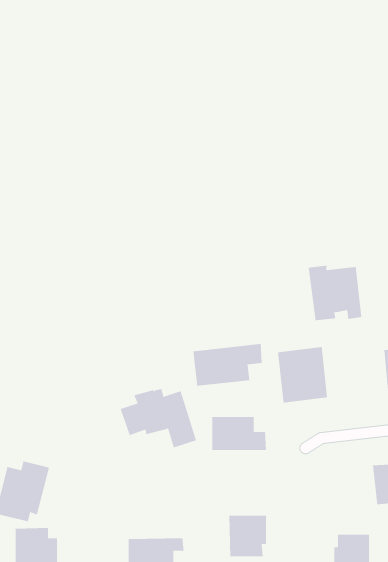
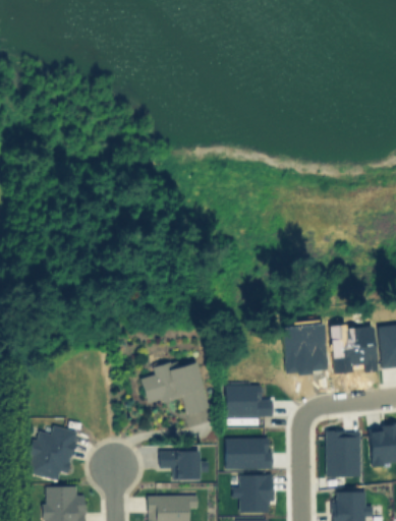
building: [308,265,362,321] -> [328,325,377,374]
building: [193,343,262,387] -> none
building: none -> [327,431,360,477]
building: none -> [225,439,272,470]
building: none -> [159,452,200,479]

